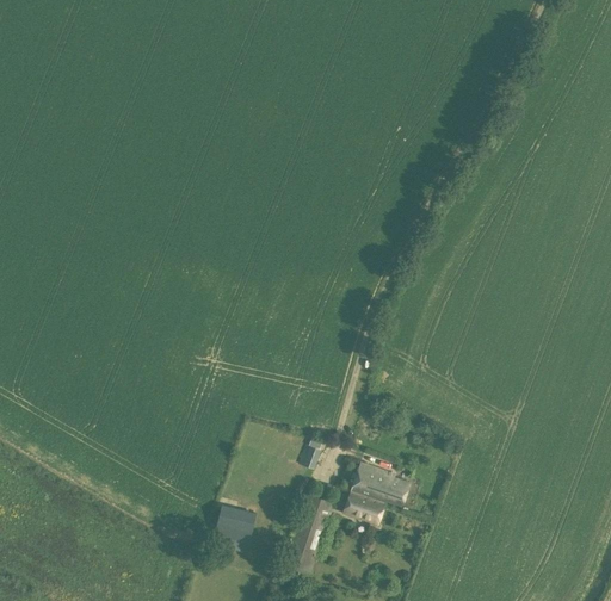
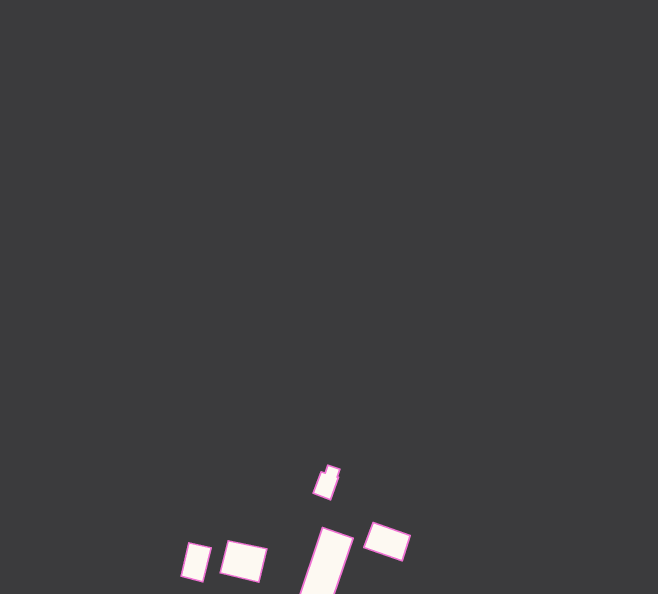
building: [351,461,407,506] -> none
building: none -> [181,543,211,582]

